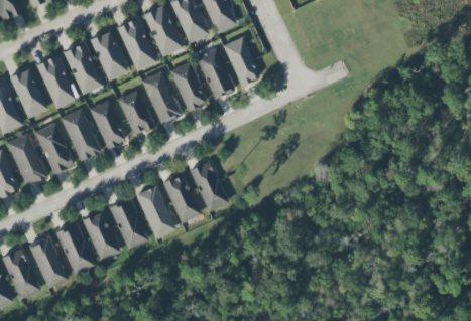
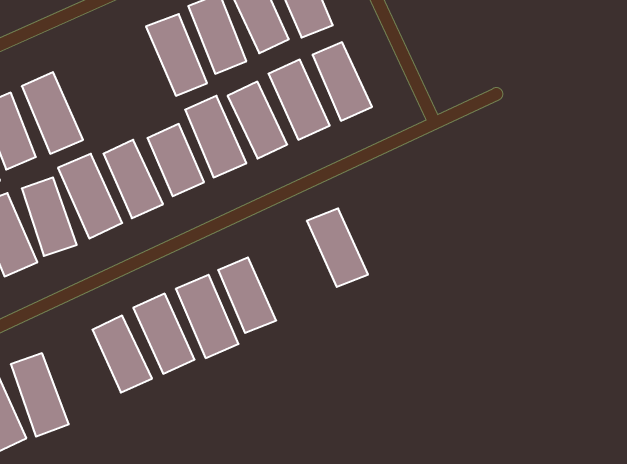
building: [89,30,127,81] -> none
building: [64,43,100,94] -> none
building: [189,161,228,211] -> [307,208,368,287]
building: [54,222,94,274] -> none

